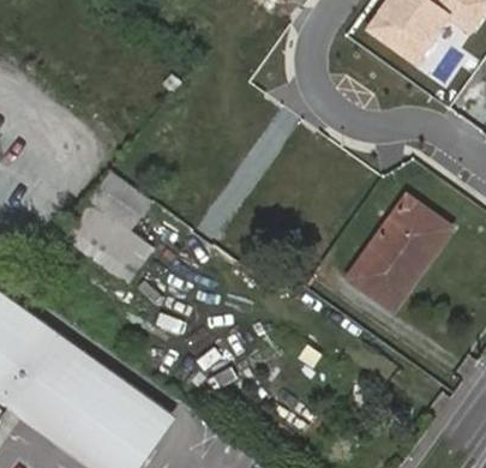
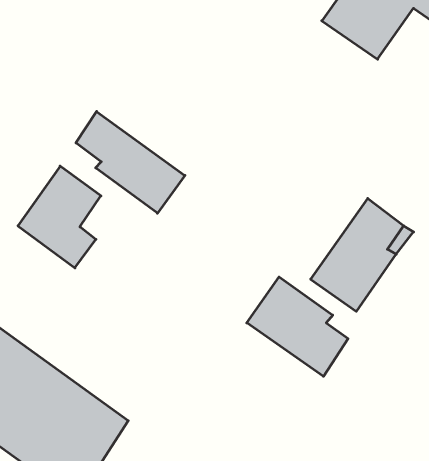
building: none -> [76,111,185,213]
building: none -> [247,277,348,376]

